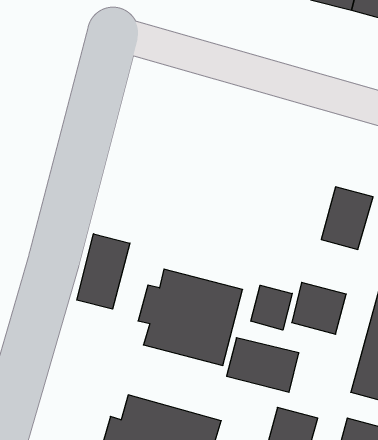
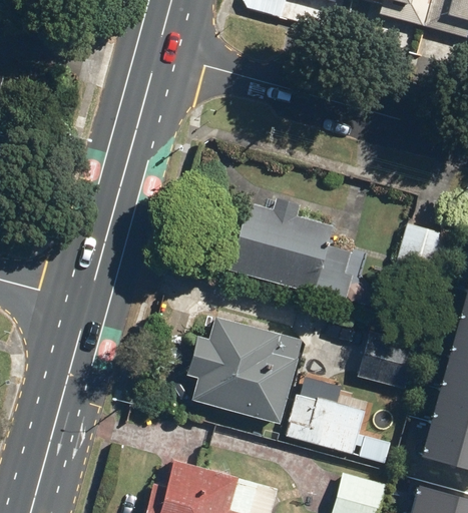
building: none -> [216,197,353,299]
building: [77,234,130,309] -> none
building: [251,285,292,330] -> none

